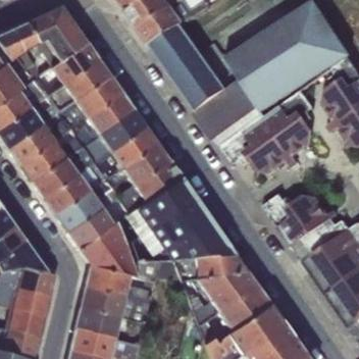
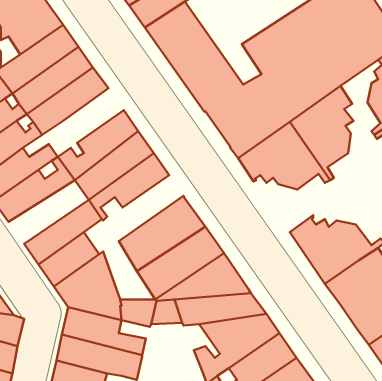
building: [72,93,134,147] -> none
building: [117,161,181,213] -> none
building: [43,165,106,215] -> none

